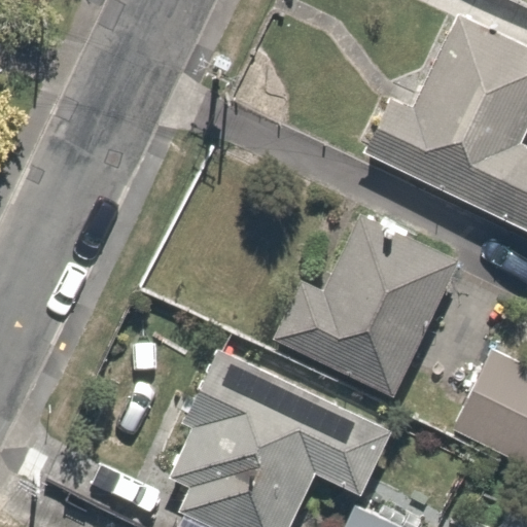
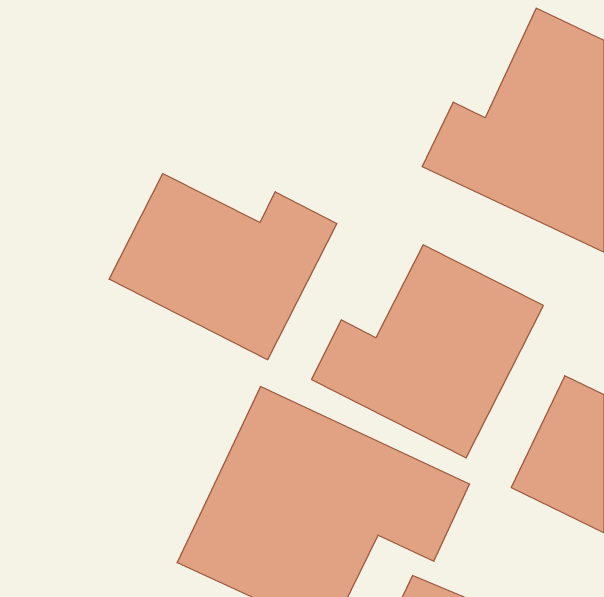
building: none -> [109,174,337,360]

